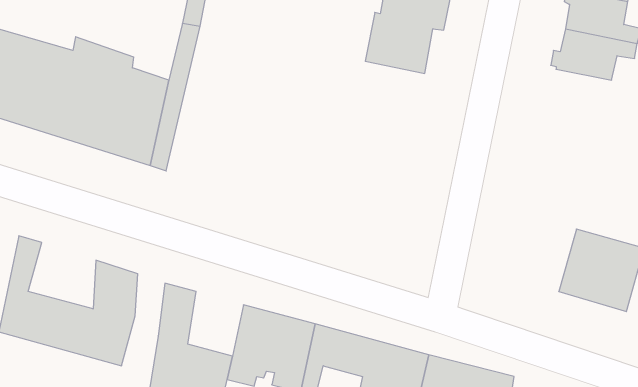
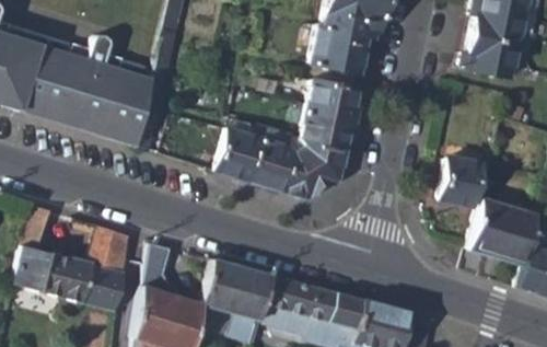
building: none -> [214,80,359,198]
building: none -> [439,157,489,207]

